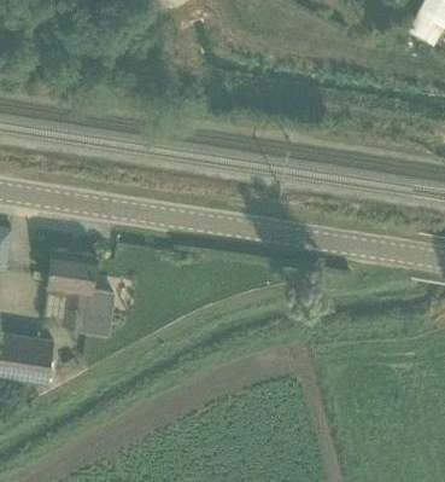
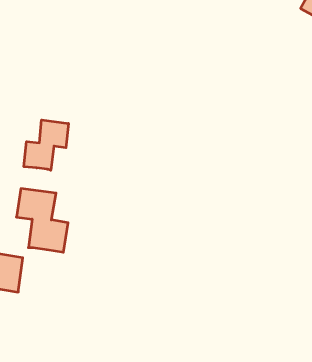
building: none -> [24,120,68,170]

